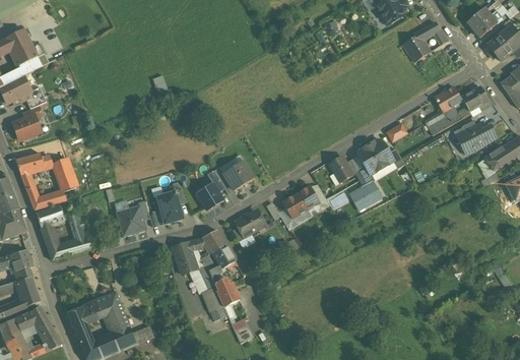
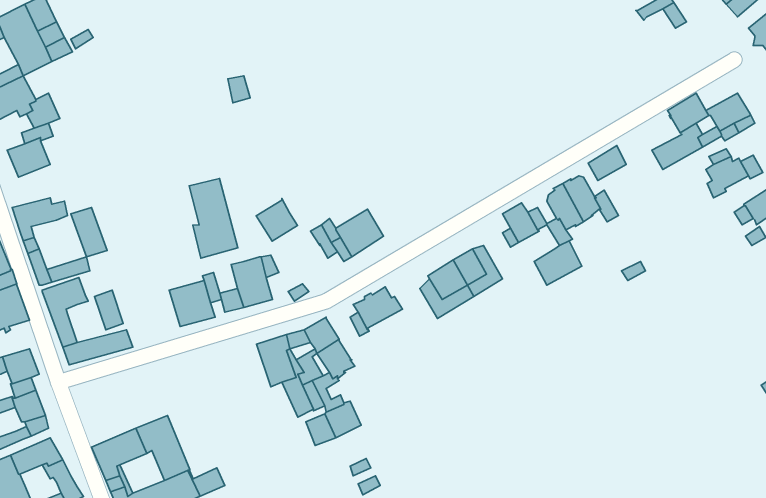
building: [402,34,428,61] -> none
building: none -> [189,179,238,258]
building: [196,182,222,209] -> [256,198,298,241]

